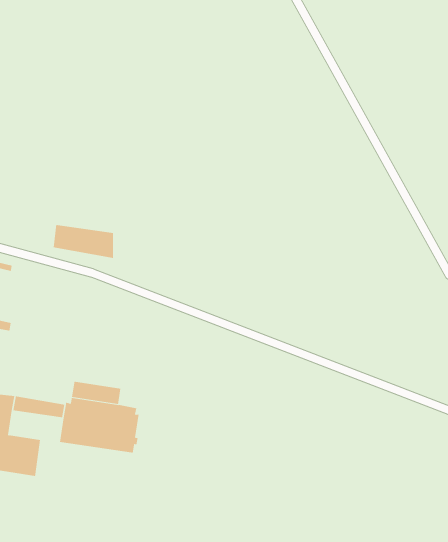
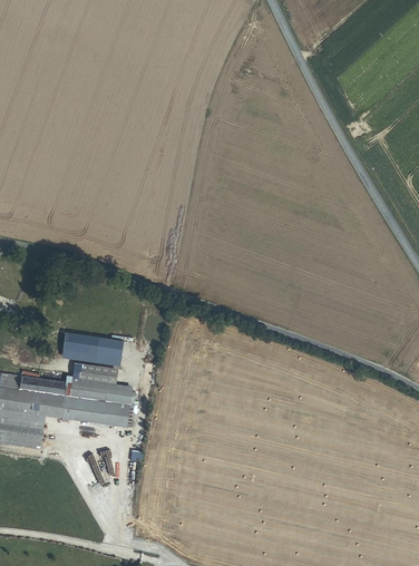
building: [53,224,114,258] -> [61,333,117,364]
building: none -> [14,390,64,419]

